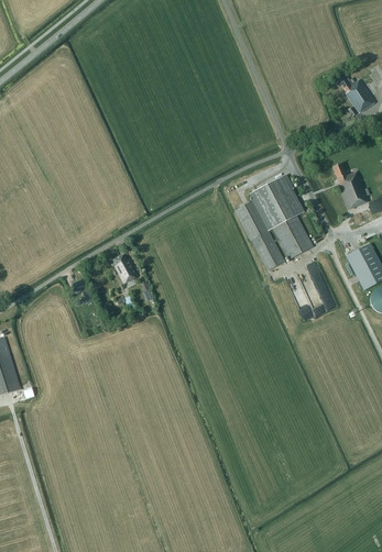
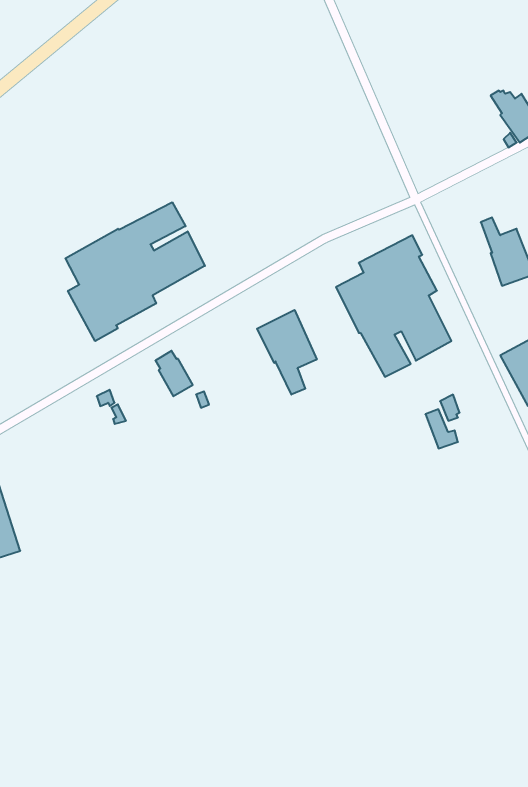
building: none -> [65,202,205,341]
building: none -> [257,310,317,395]

